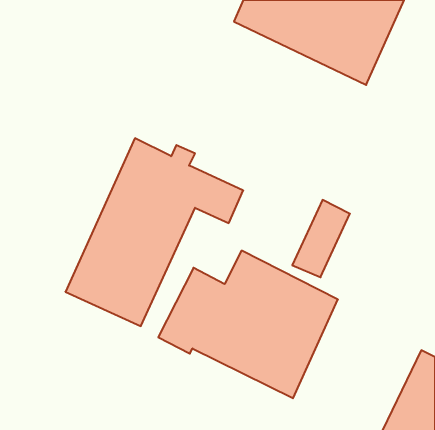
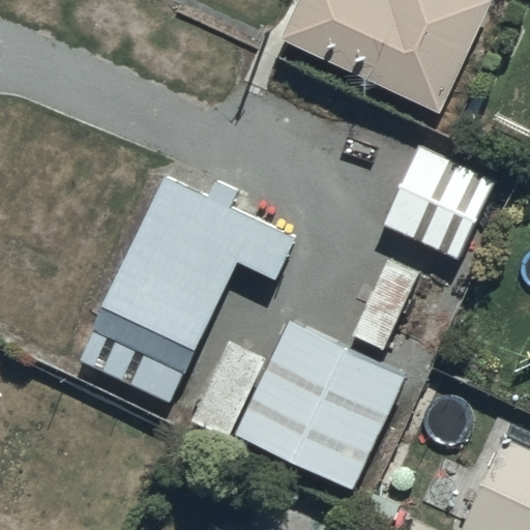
building: none -> [381,143,497,259]

